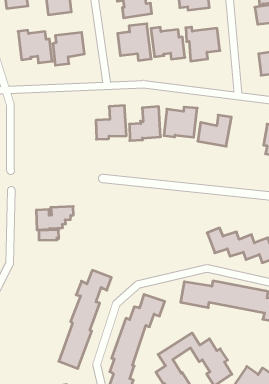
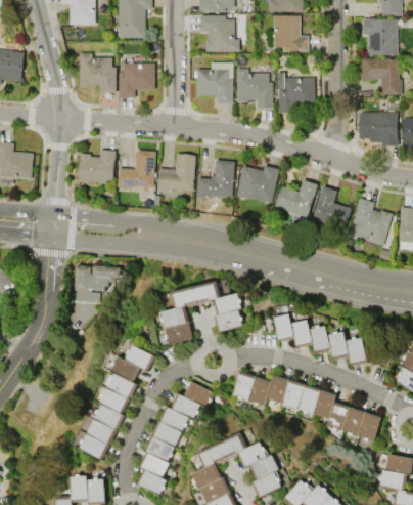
building: none -> [117,150,155,194]
building: none -> [78,149,116,183]
building: none -> [313,185,351,228]
building: none -> [160,281,242,344]

